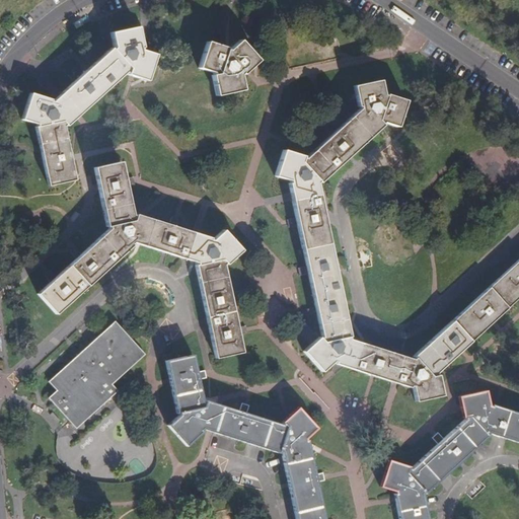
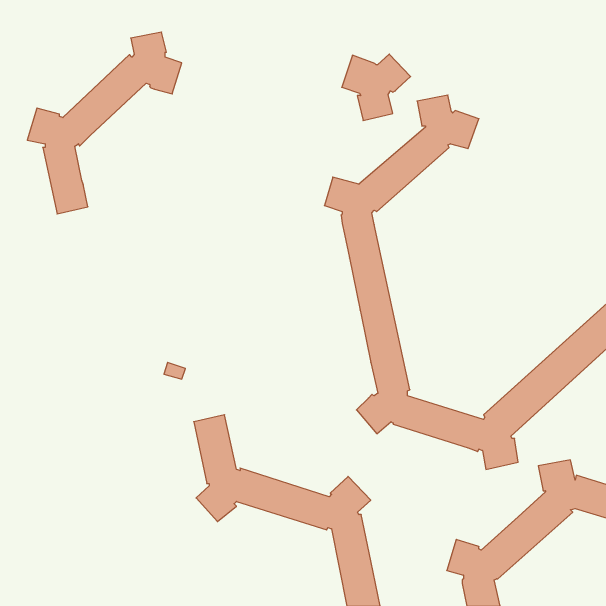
building: [201,41,260,97] -> [342,54,411,121]
building: [39,159,243,357] -> none
building: [51,319,146,426] -> none

